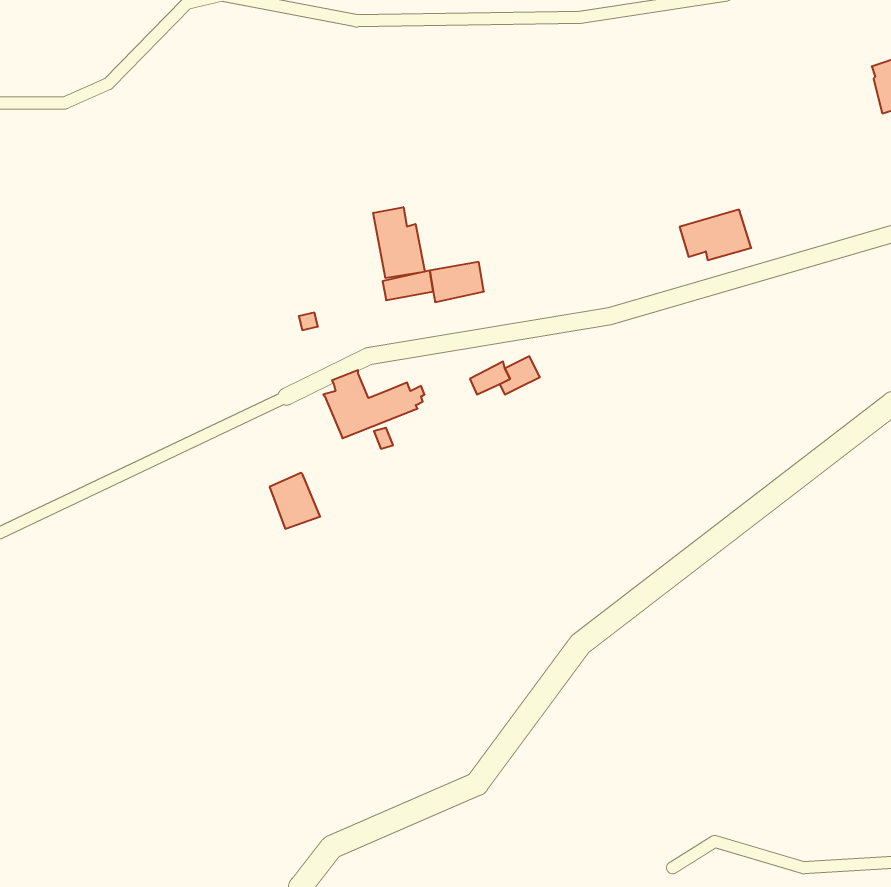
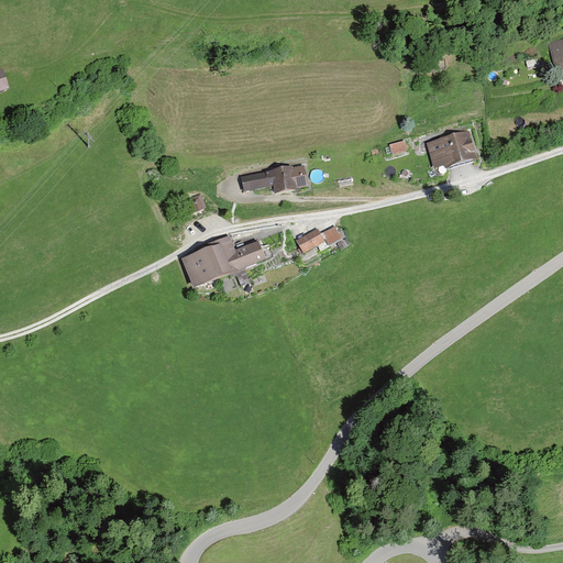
building: [373,207,425,278] -> none
building: [270,473,320,529] -> [185,249,217,284]

